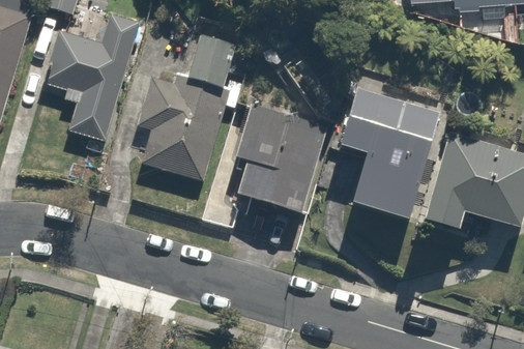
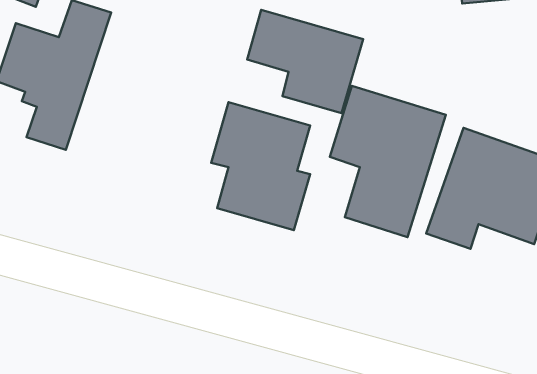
building: none -> [247,10,363,113]
building: [135,34,244,185] -> none

